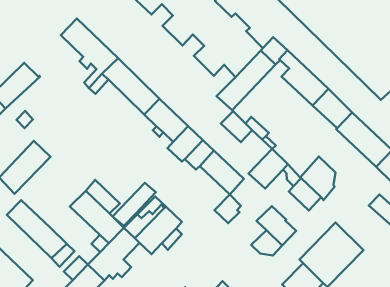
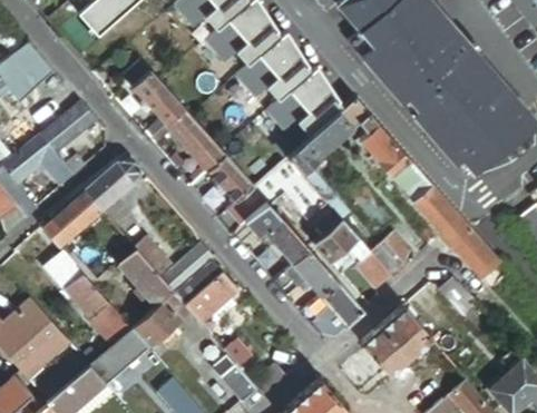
building: none -> [254,158,304,206]
building: none -> [85,161,143,209]
building: none -> [293,250,338,297]

